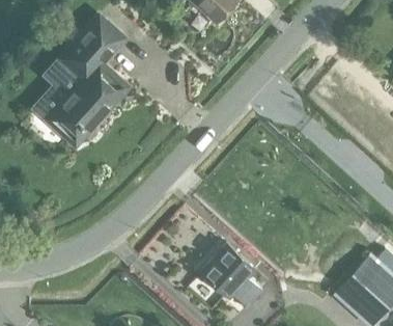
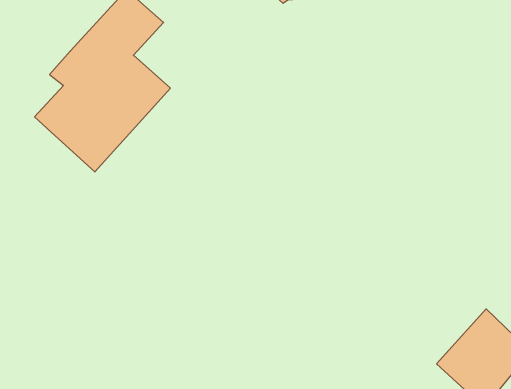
building: [201,244,264,308] -> none

